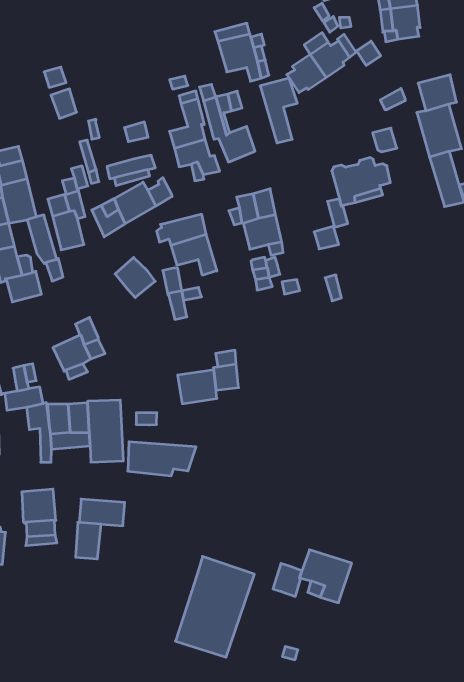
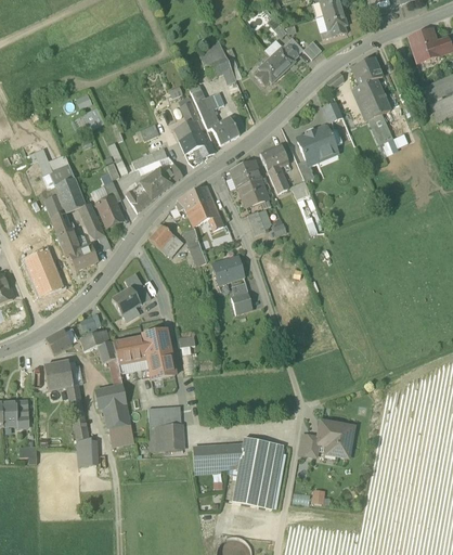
building: [260,78,297,143] -> [259,144,288,193]
building: [178,370,217,404] -> [211,256,243,284]
building: [128,442,196,476] -> [192,446,242,470]
building: none -> [94,384,126,409]
building: none -> [165,423,182,450]

